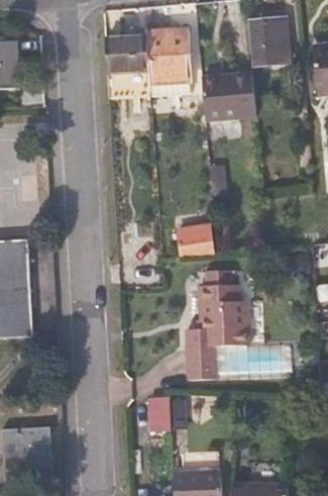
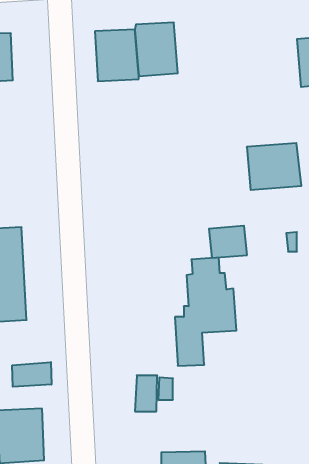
building: [248,17,290,65] -> none
building: [201,74,257,122] -> [247,143,301,190]
building: [176,224,215,258] -> [209,226,247,258]
building: none -> [12,362,51,387]

